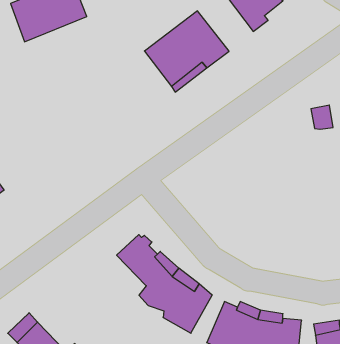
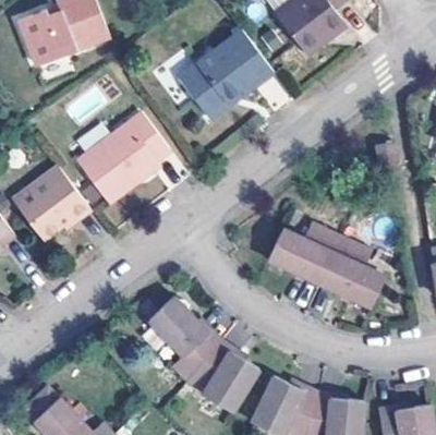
building: none -> [81,111,171,200]
building: none -> [14,165,90,235]
building: none -> [277,226,387,305]

